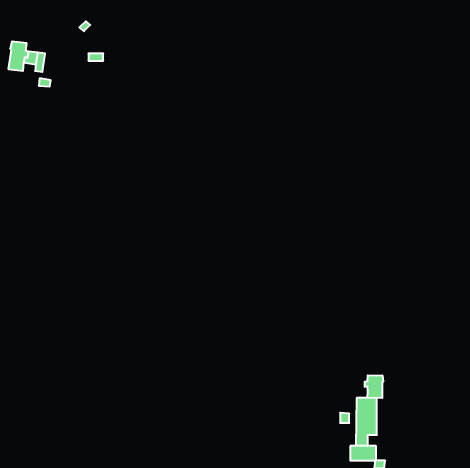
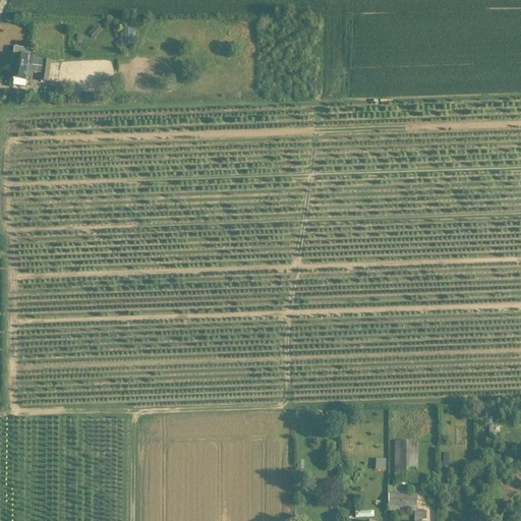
building: [365,375,383,398] -> none

